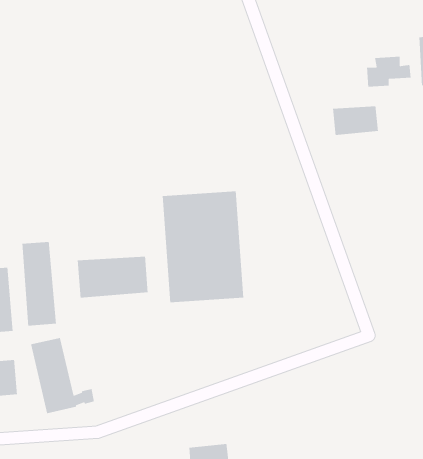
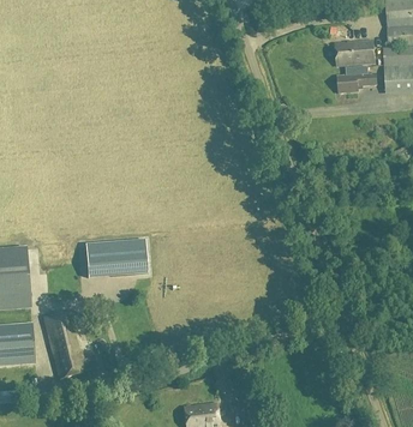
building: [332,105,379,136] -> [334,40,375,66]
building: [162,191,244,303] -> none
building: [22,241,57,326] -> none

